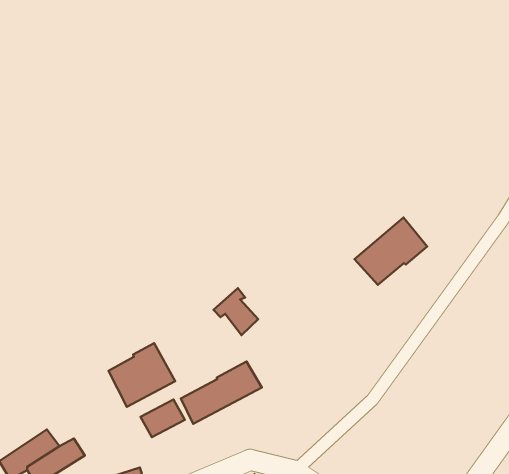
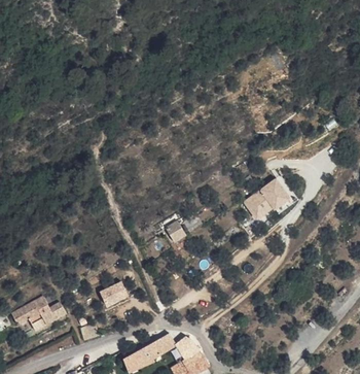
building: [109,343,175,407] -> none
building: [181,361,262,424] -> none

